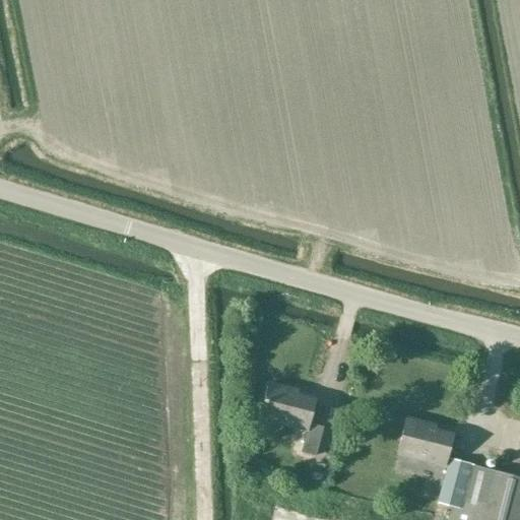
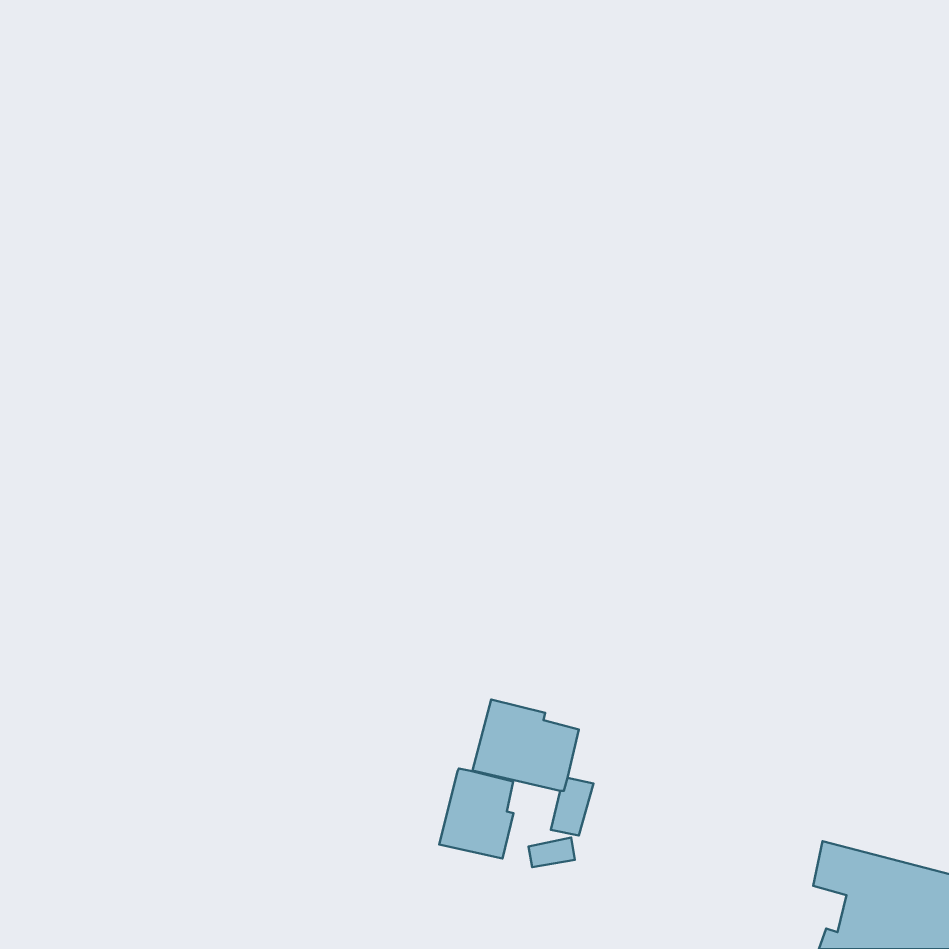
building: [397,417,455,467] -> none
building: none -> [439,769,513,858]

